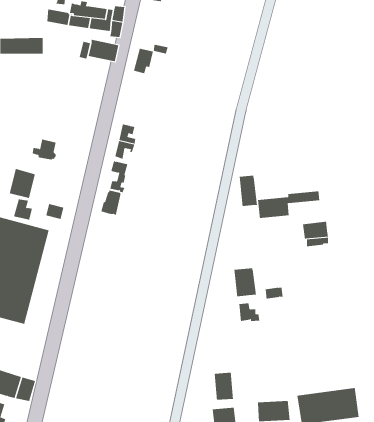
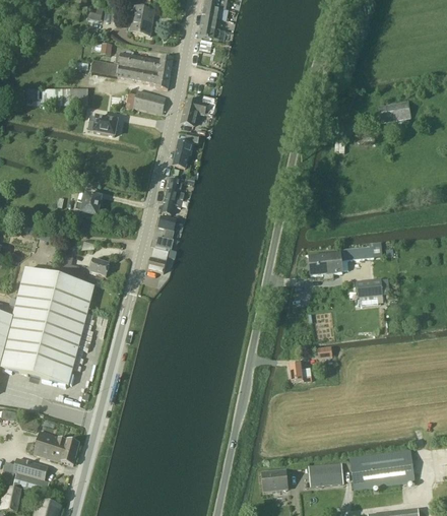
building: none -> [379,100,411,121]
building: none -> [89,115,119,135]
building: none -> [173,132,199,168]
building: [9,168,36,199] -> none
building: [239,175,258,207] -> none
building: [234,268,257,297] -> none
building: [214,372,233,400] -> none

